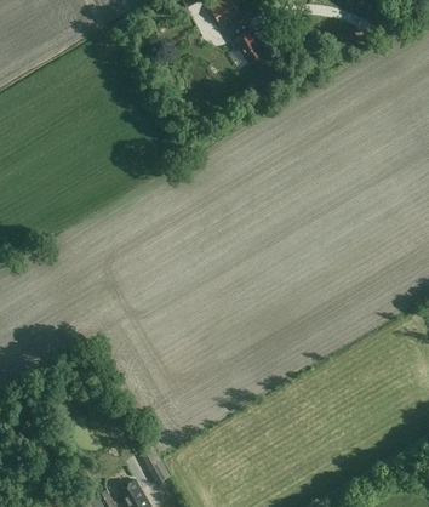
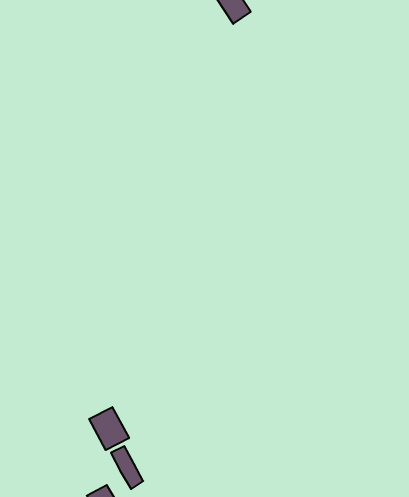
building: none -> [89,407,129,450]

